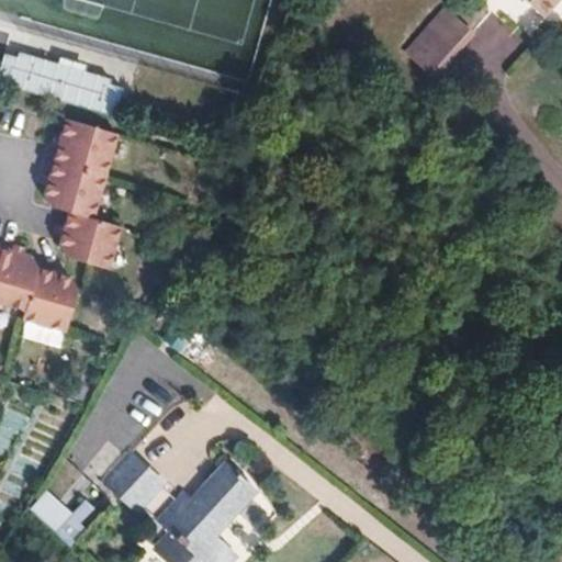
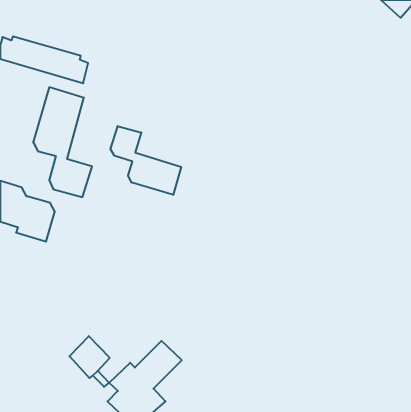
building: [404,8,472,78] -> none
building: none -> [111,126,181,195]
building: [27,491,94,550] -> none

